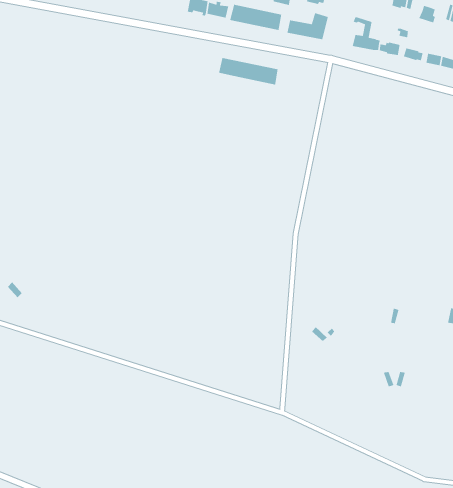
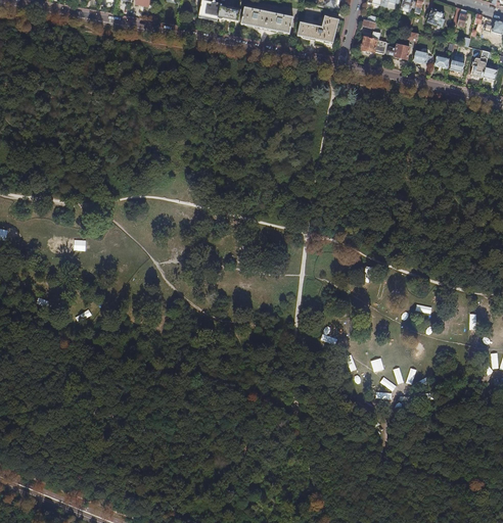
building: [218,57,279,85] -> none

